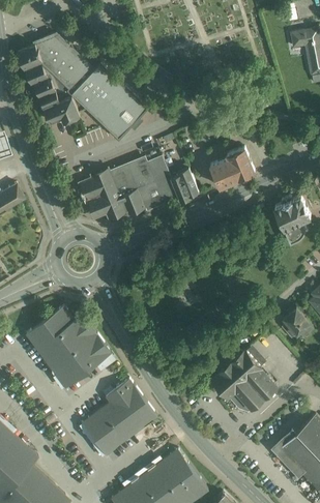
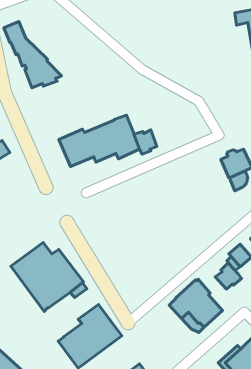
building: [33,33,147,139] -> none
building: [210,147,255,186] -> none
building: none -> [215,263,241,289]

